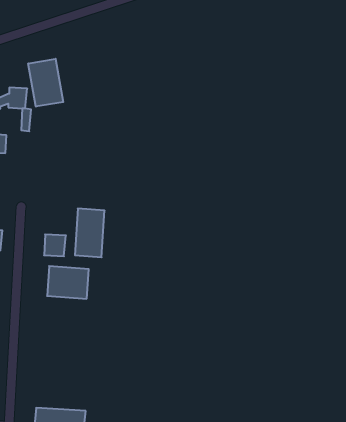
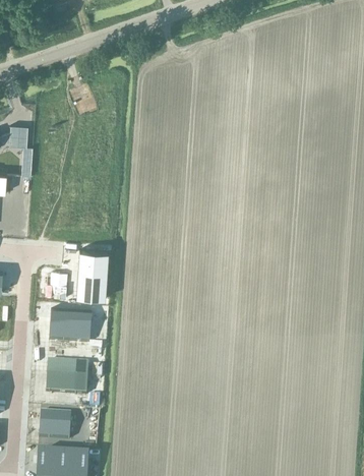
building: [28,59,63,107] -> none
building: none -> [46,361,88,394]
building: none -> [39,412,71,438]

